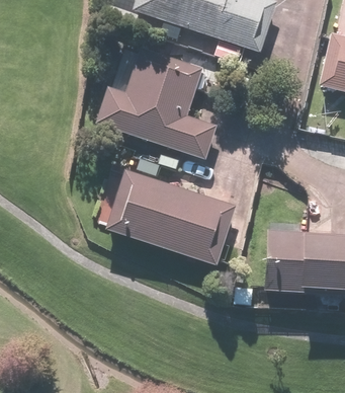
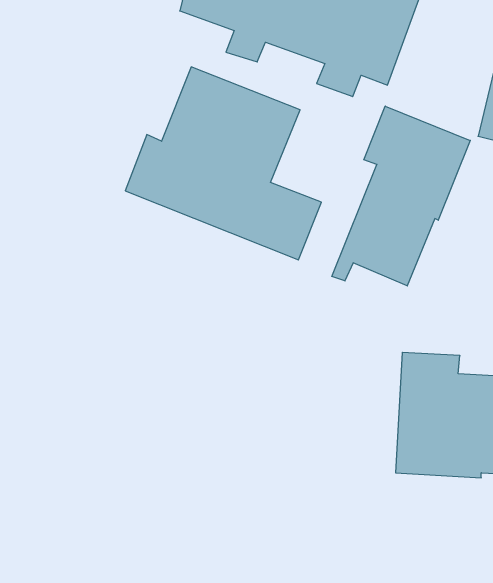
building: none -> [332,106,470,286]
building: [91,171,238,265] -> none

